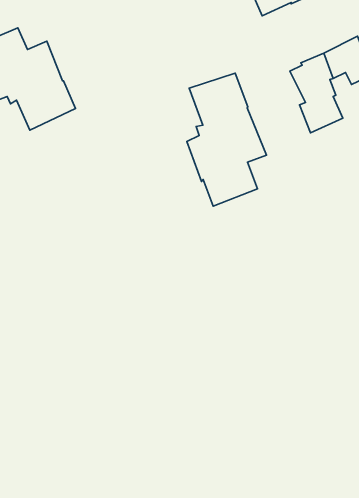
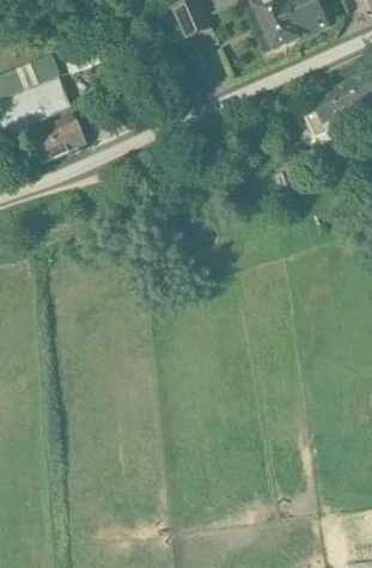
building: [187,73,266,206] -> none

